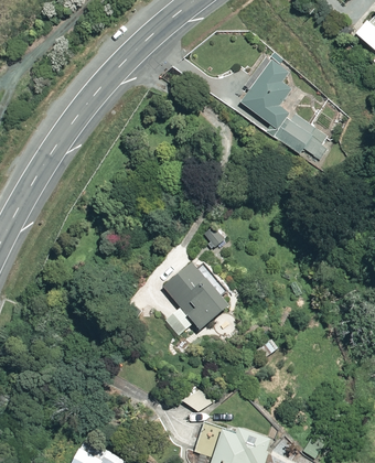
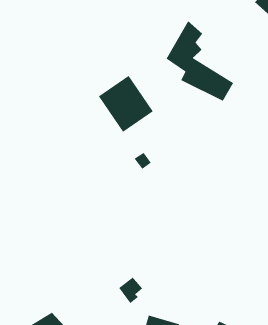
building: none -> [98,75,154,133]
building: [159,255,233,331] -> none

